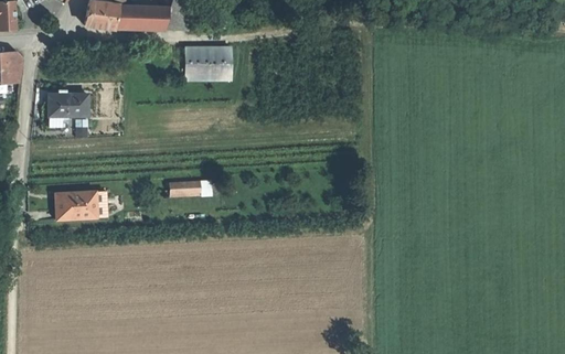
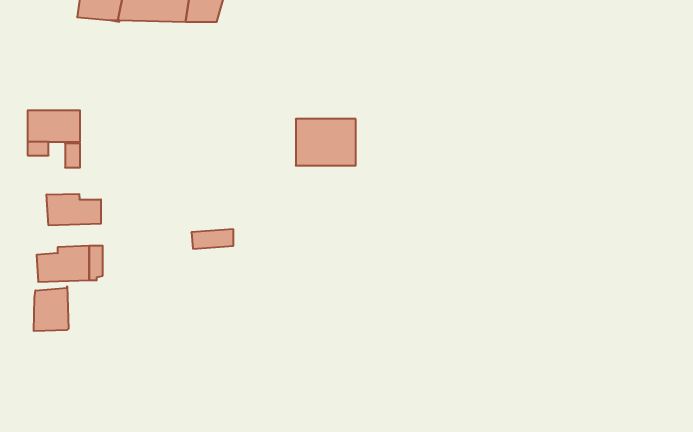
building: [186,45,231,79] -> [296,119,356,166]
building: none -> [47,194,101,225]
building: none -> [34,286,68,331]

